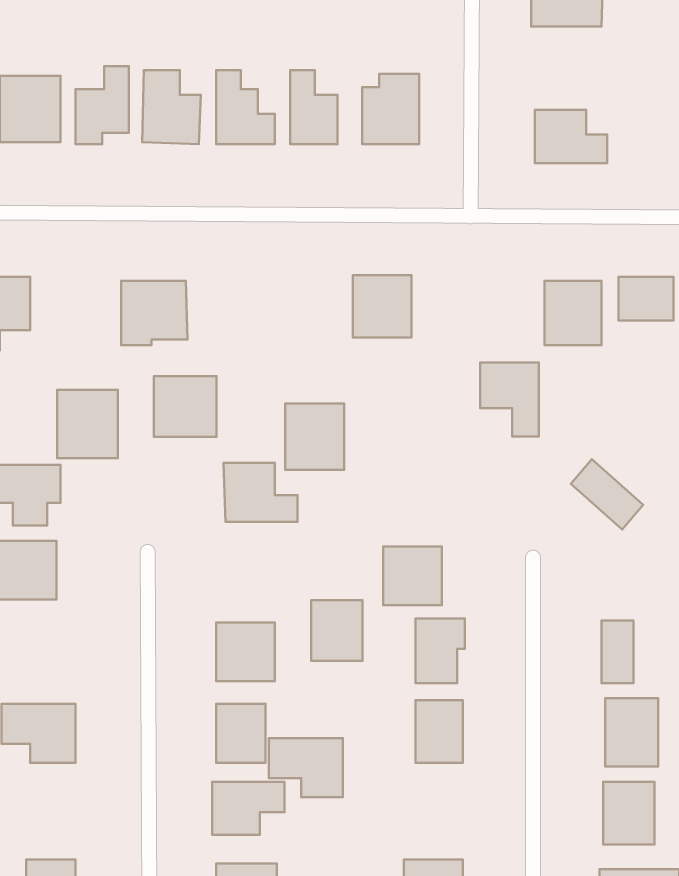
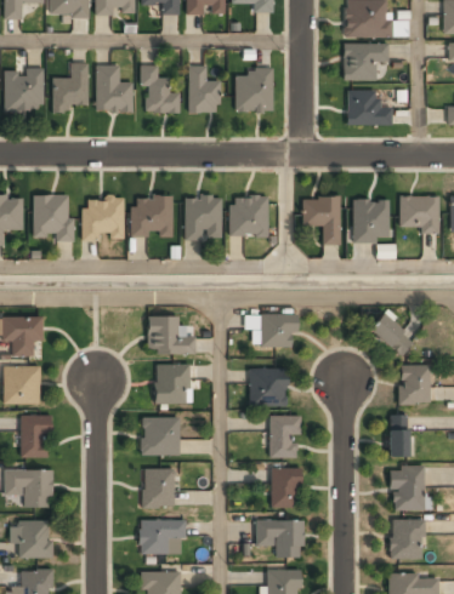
building: none -> [342,44,387,81]
building: [480,363,539,437] -> [302,198,340,245]
building: [154,376,217,437] -> [132,198,172,236]
building: [57,390,118,458] -> [33,196,72,240]
building: [285,403,344,470] -> [185,198,222,240]
building: none -> [259,315,295,348]
building: none -> [399,366,430,405]
building: [311,600,362,661] -> [155,365,188,404]
building: none -> [19,416,51,458]
building: [269,738,343,797] -> [255,520,302,558]
building: none -> [10,522,51,558]

